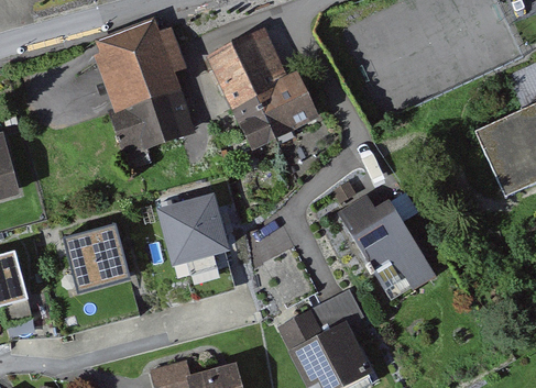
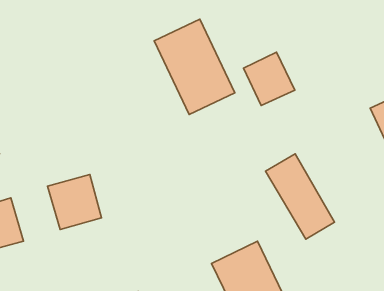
building: [92,21,190,149] -> none
building: none -> [244,52,295,105]
building: [167,187,240,258] -> none

